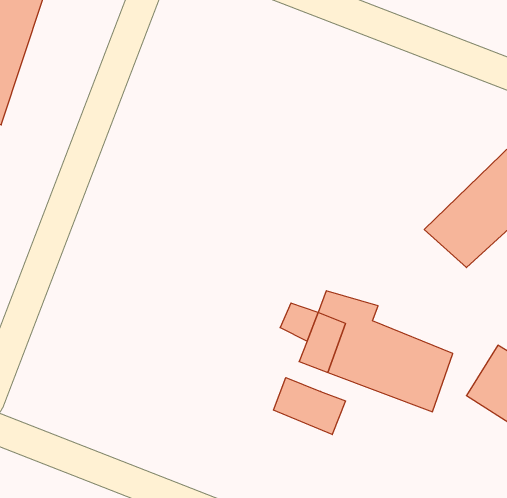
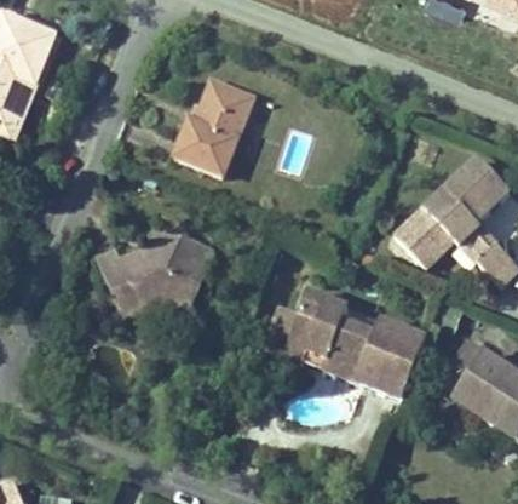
building: none -> [175,79,253,176]
building: none -> [100,227,211,321]
building: [274,378,346,435] -> none

